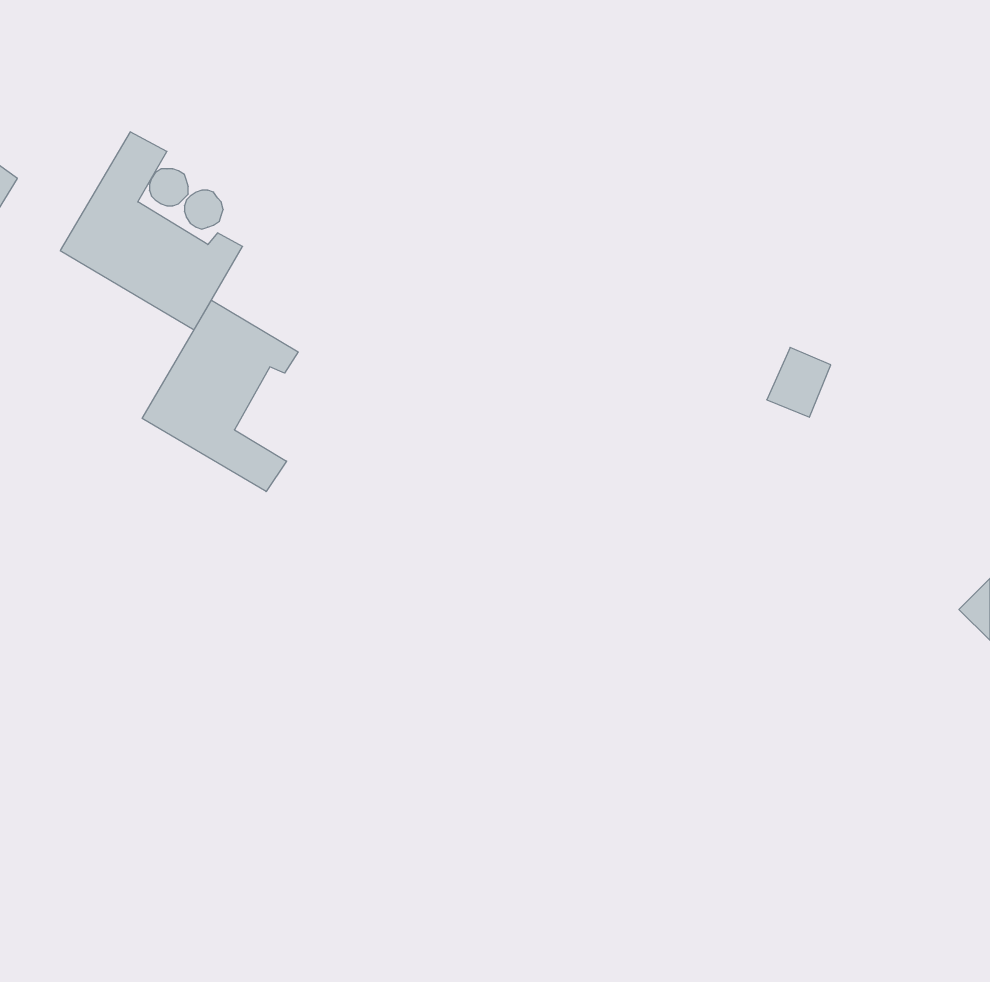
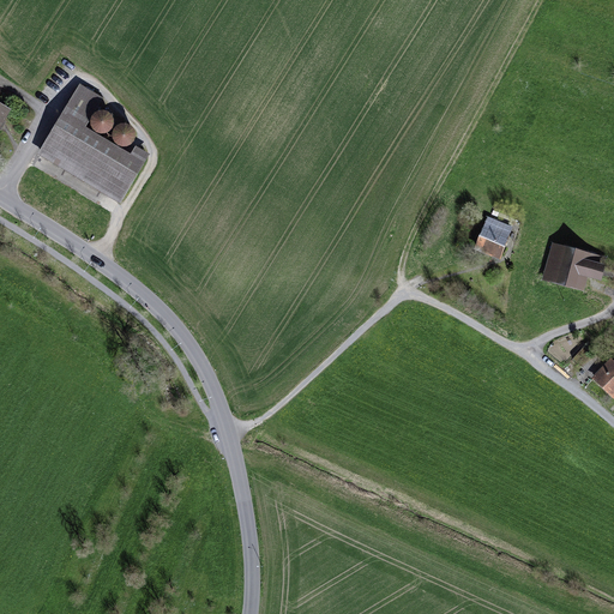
building: [142,300,298,492] -> none
building: none -> [541,241,606,294]

